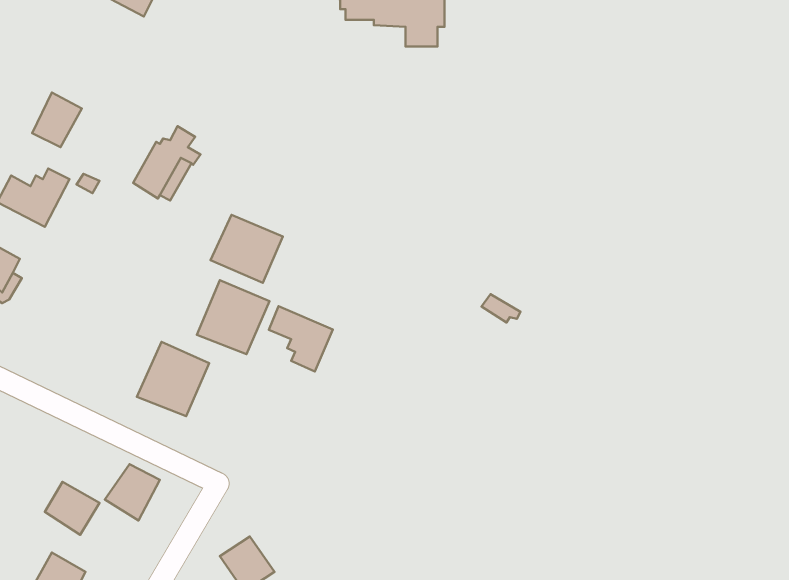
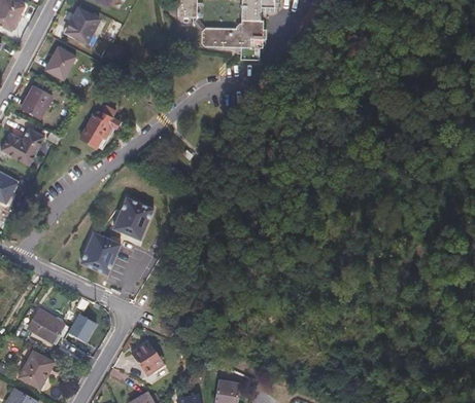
building: none -> [46,46,74,76]
building: [211,215,283,283] -> none
building: [269,306,333,371] -> none

